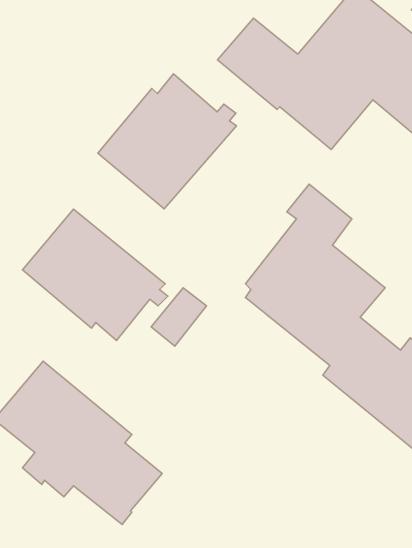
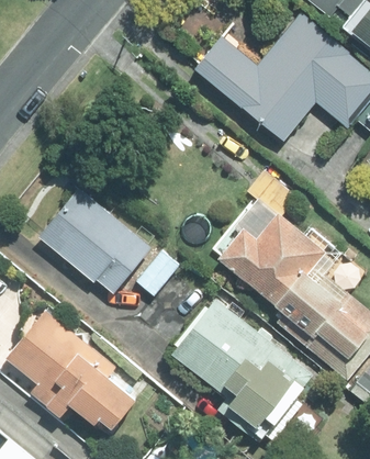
building: [98,74,236,209] -> none
building: none -> [166,295,311,443]

